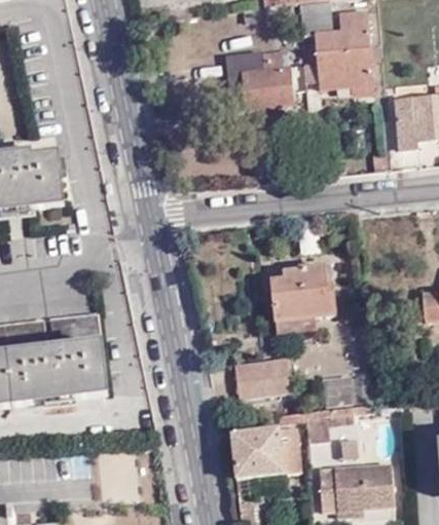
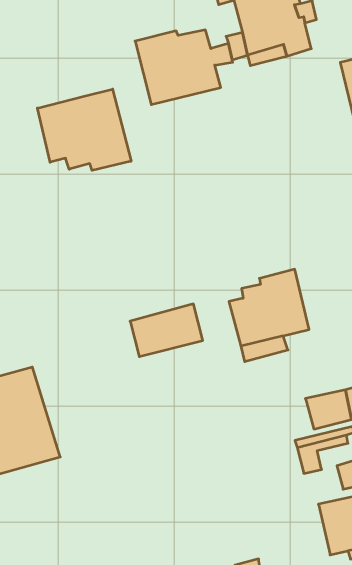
building: none -> [37,89,131,170]
building: [232,357,291,393] -> [130,304,203,357]
building: [234,428,306,480] -> none

